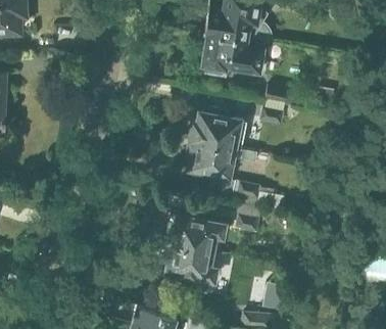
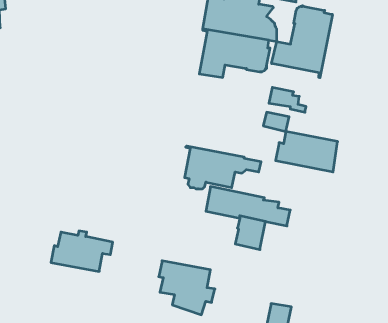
building: none -> [272,6,332,78]
building: [192,113,248,150] -> [276,131,338,172]
building: [170,216,226,252] -> [51,231,113,271]

